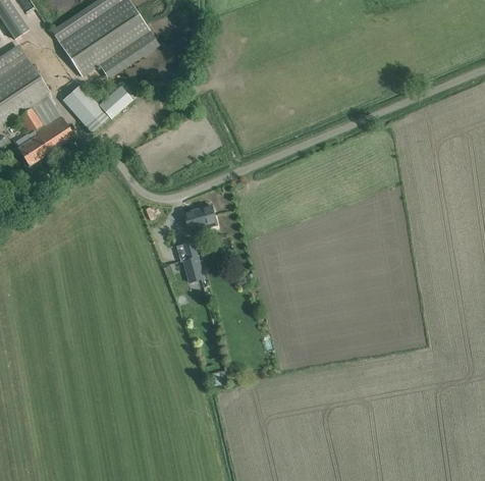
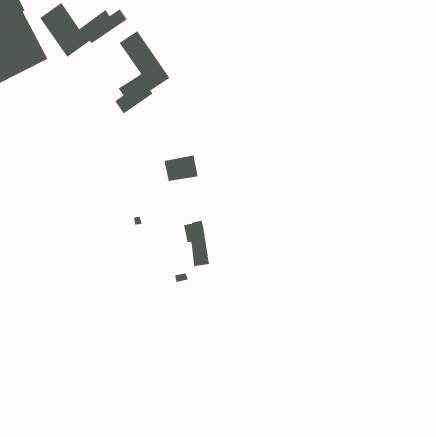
building: none -> [114,30,170,115]
building: [175,237,203,280] -> [183,220,210,267]

